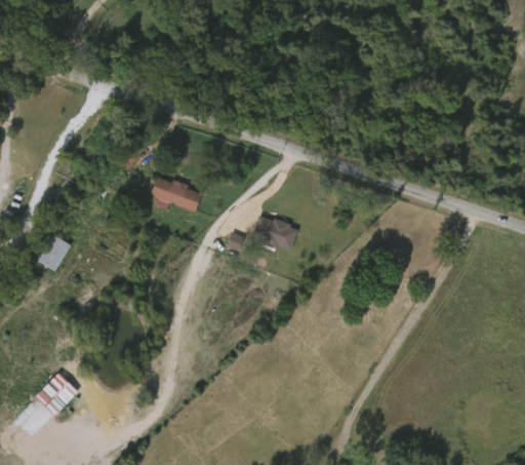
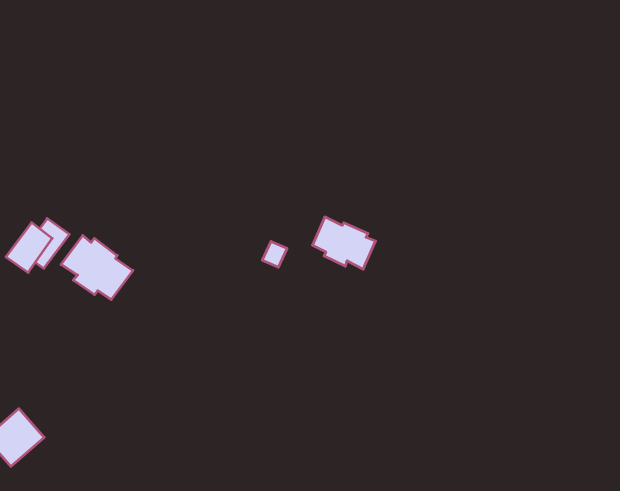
building: [152,178,203,214] -> none
building: none -> [61,235,133,300]

